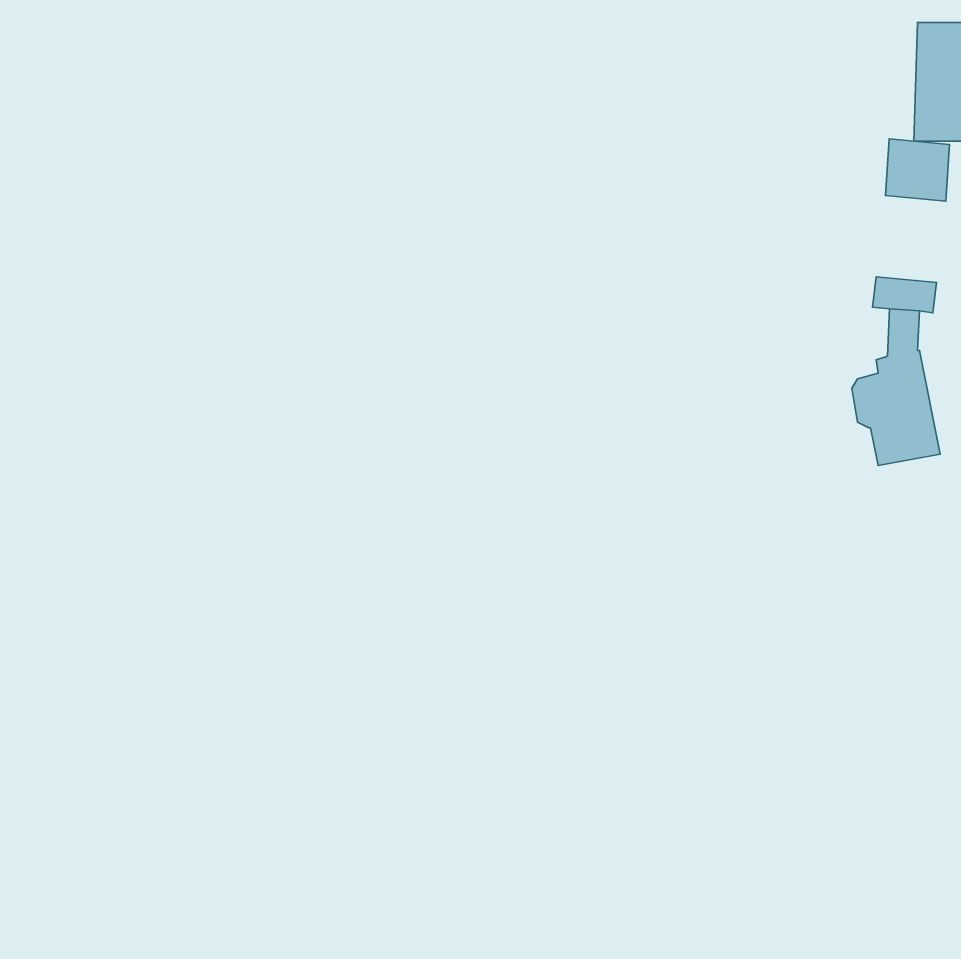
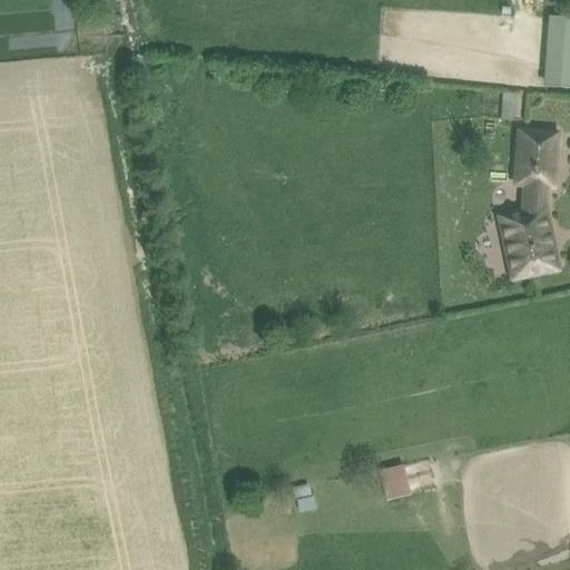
building: [885,139,949,201] -> [519,130,557,167]
building: none -> [377,461,407,497]

